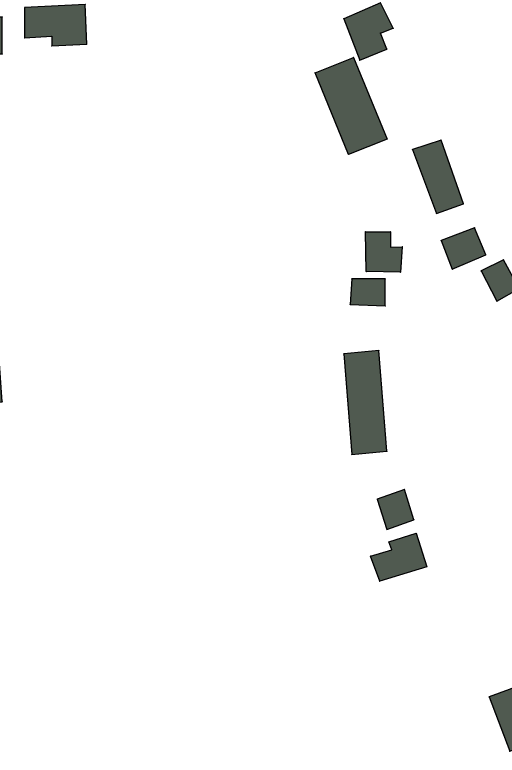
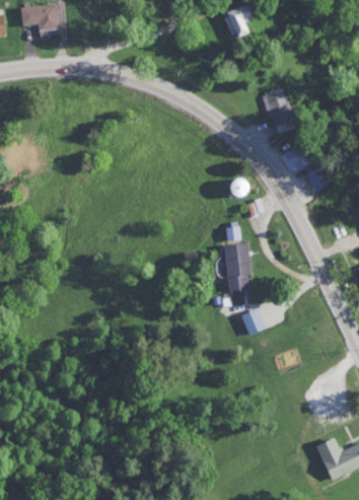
building: [315,57,387,154] -> none
building: [365,232,402,272] -> none
building: [371,533,427,581] -> none

